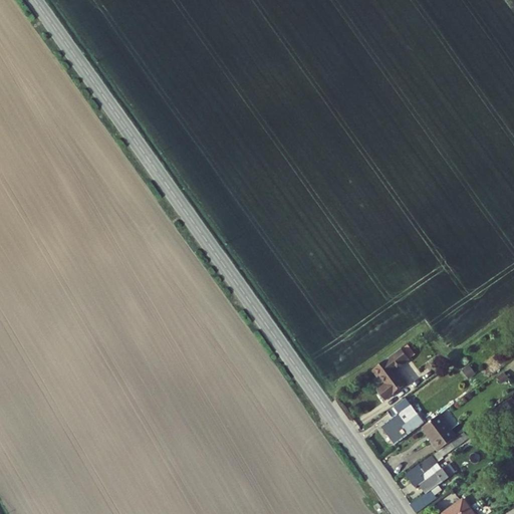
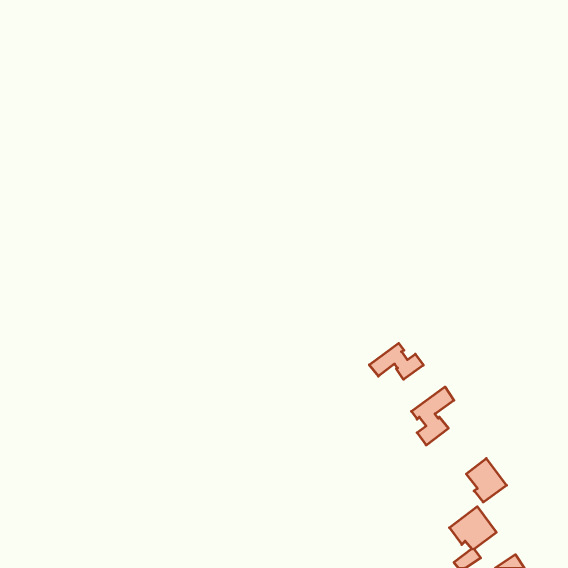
building: none -> [369,343,423,379]
building: [382,397,412,444] -> none

